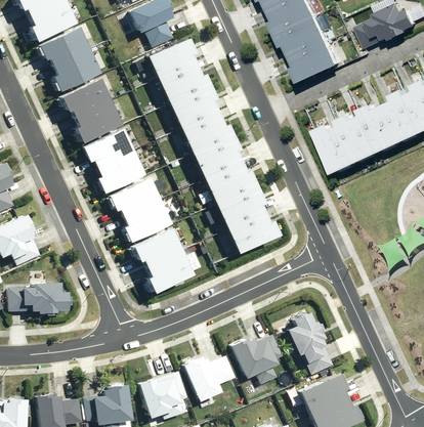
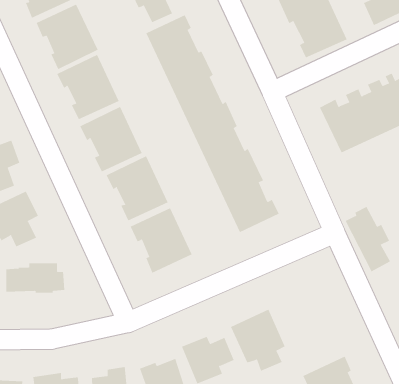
building: [285,312,330,377] -> [345,206,391,272]

